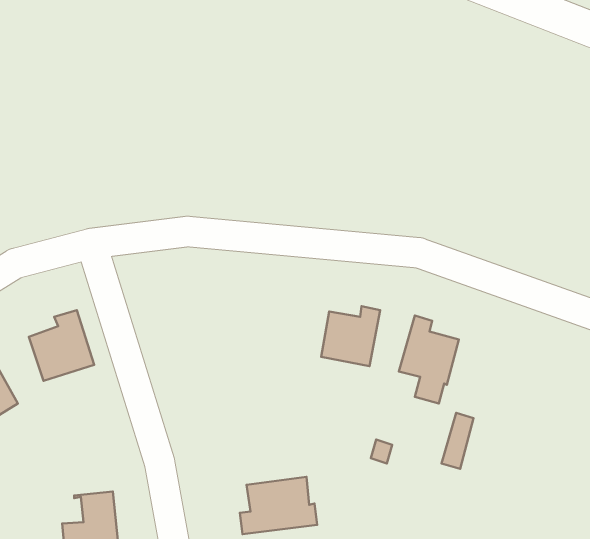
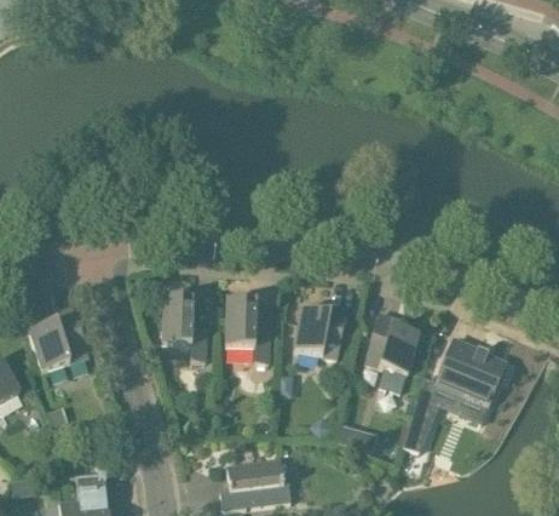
building: none -> [162,293,207,360]
building: none -> [225,294,270,362]
building: none -> [434,338,506,419]

